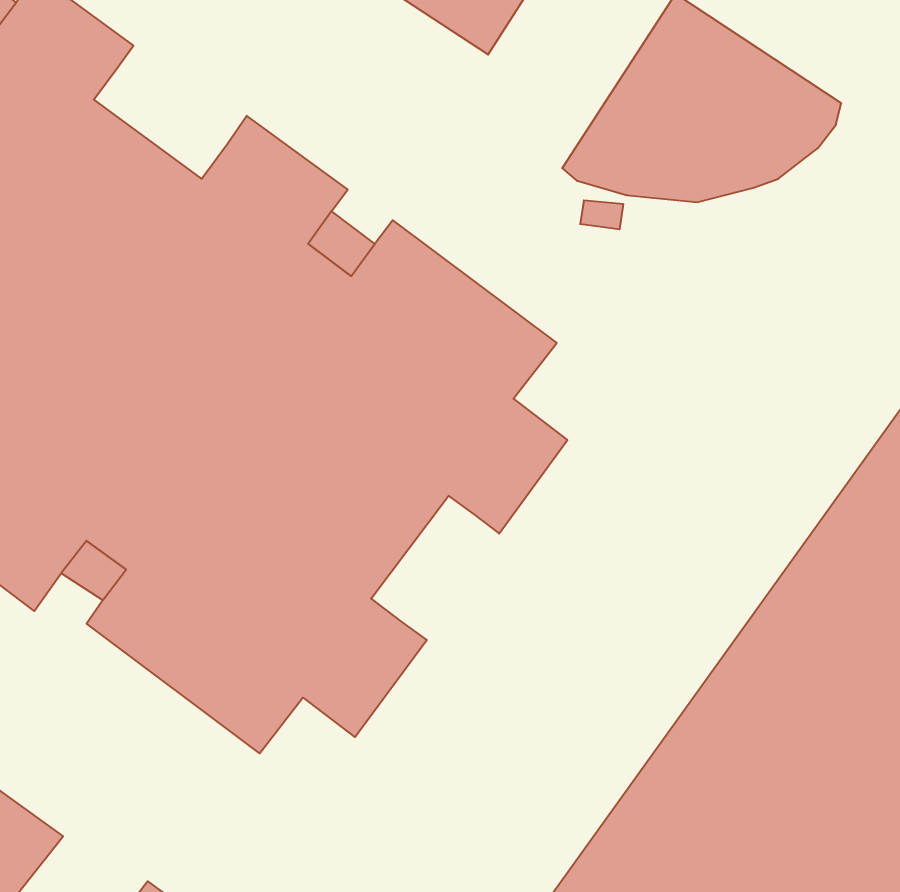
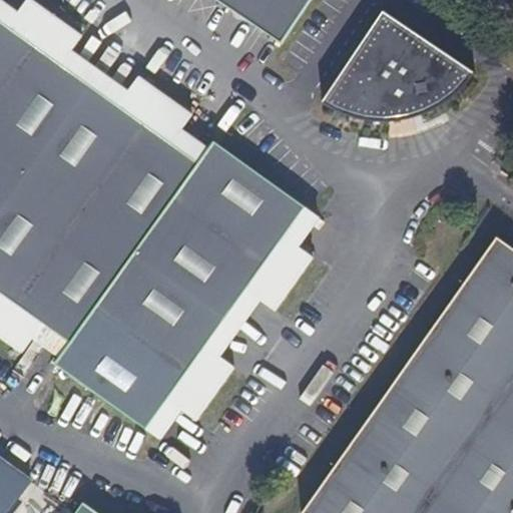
building: none -> [53,50,127,110]
building: none -> [207,287,266,357]

